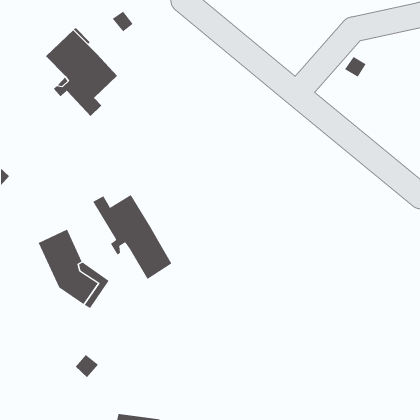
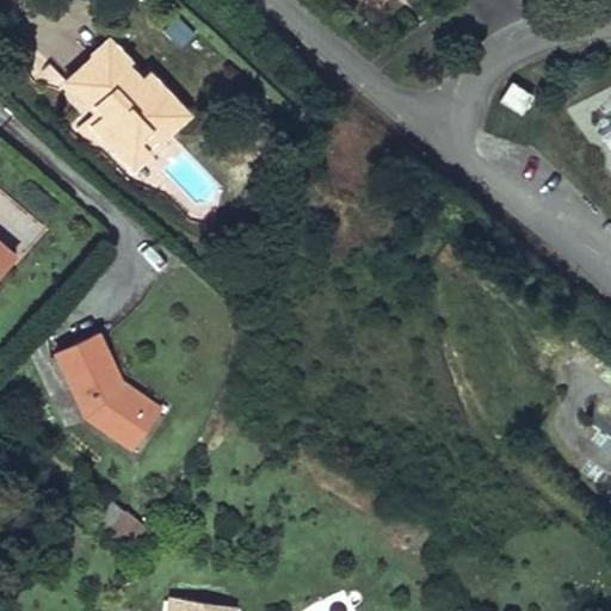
building: none -> [138,73,189,154]
building: [93,194,172,280] -> none

